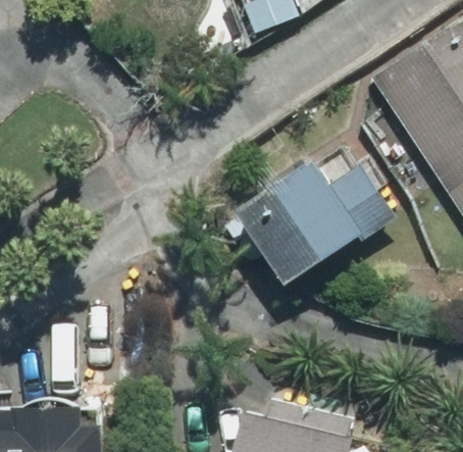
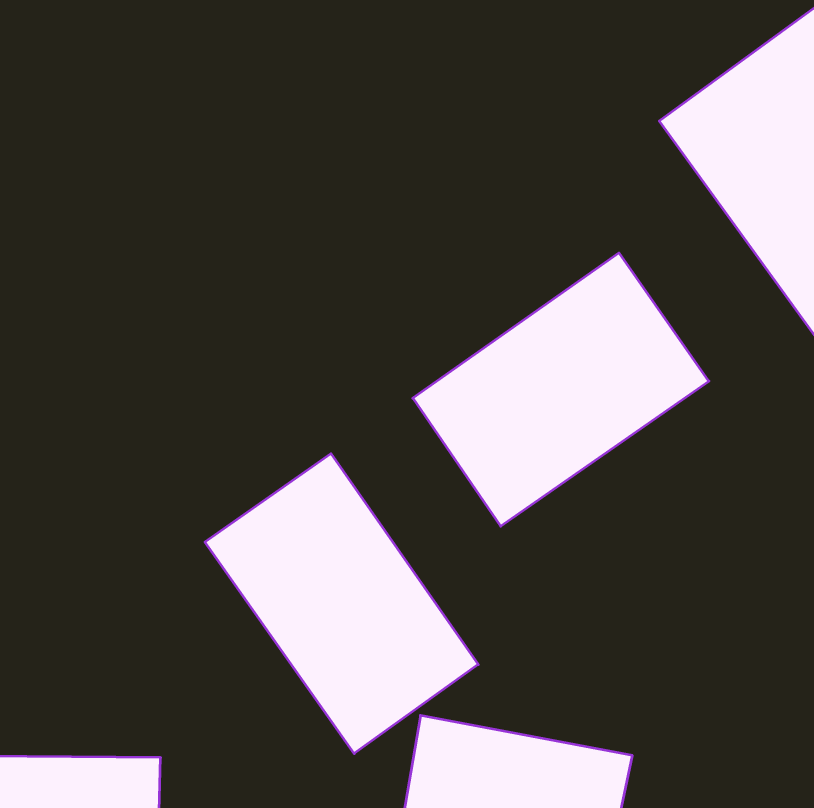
building: none -> [205,454,478,754]

